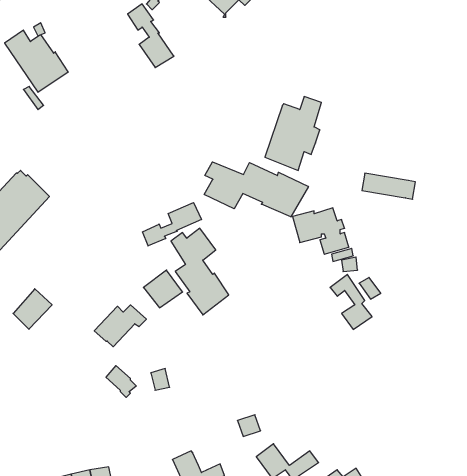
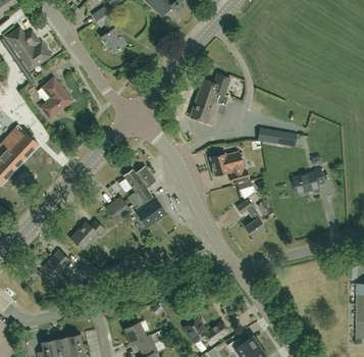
building: none -> [40,78,71,119]
building: [204,162,308,217] -> none
building: [143,203,201,246] -> none
building: none -> [293,168,324,194]
building: [13,289,52,329] -> [43,250,70,278]

